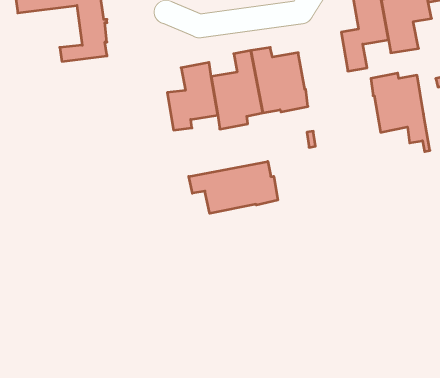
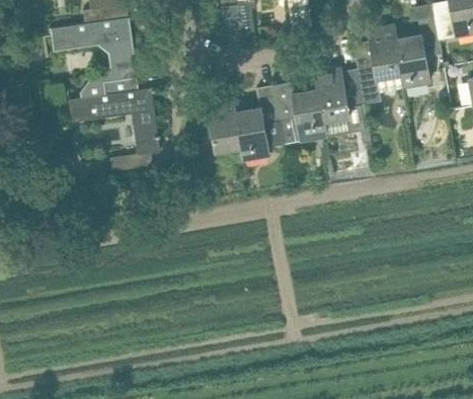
building: none -> [68,88,160,171]
building: [371,73,430,152] -> [314,67,370,141]
building: [189,161,278,213] -> none

